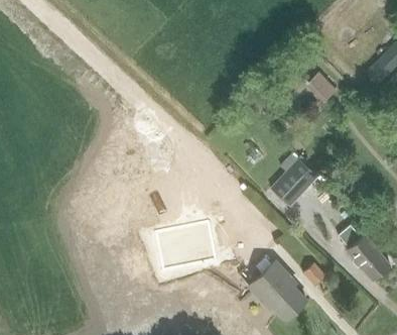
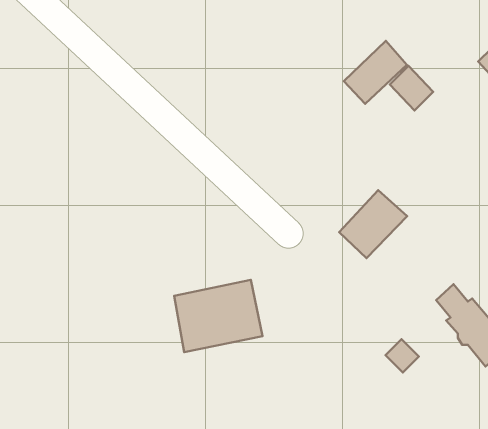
building: none -> [344,41,407,104]
building: [249,260,306,320] -> none

